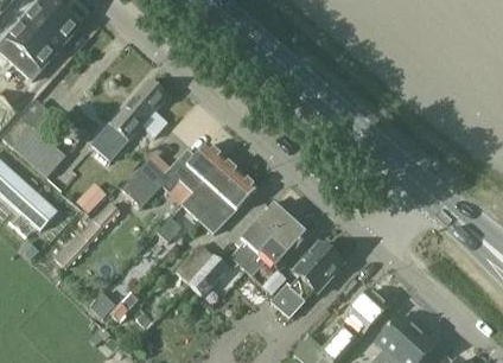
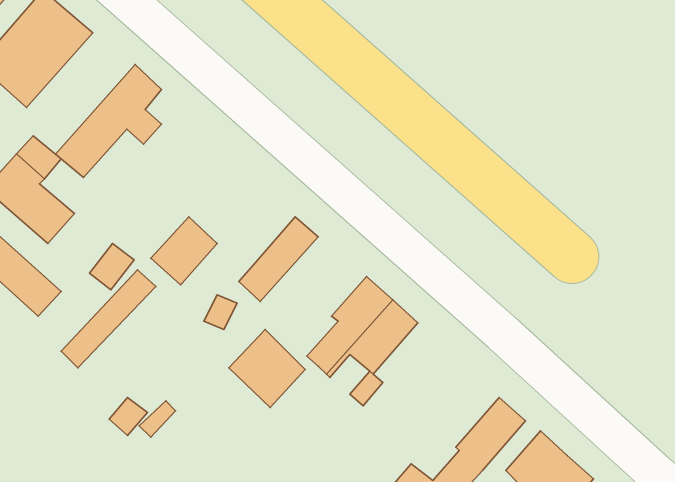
building: [94,79,170,160] -> [55,65,162,177]
building: [167,142,223,192] -> none
building: [198,172,256,233] -> none
building: [270,241,344,314] -> none

